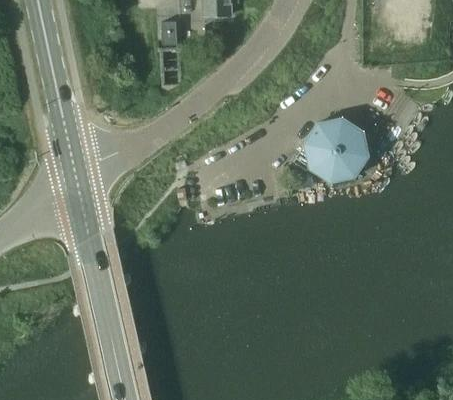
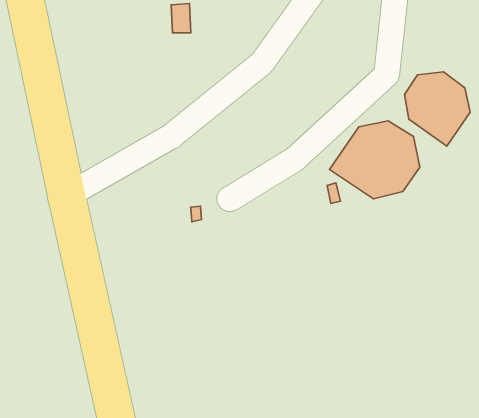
building: none -> [404,72,470,146]

